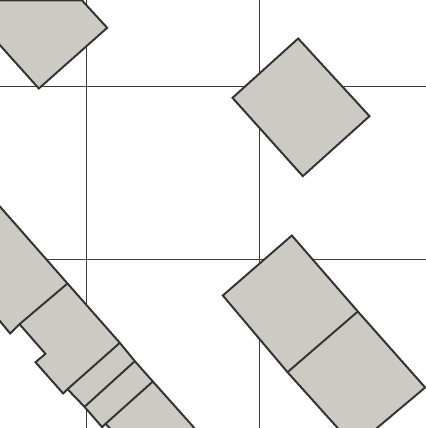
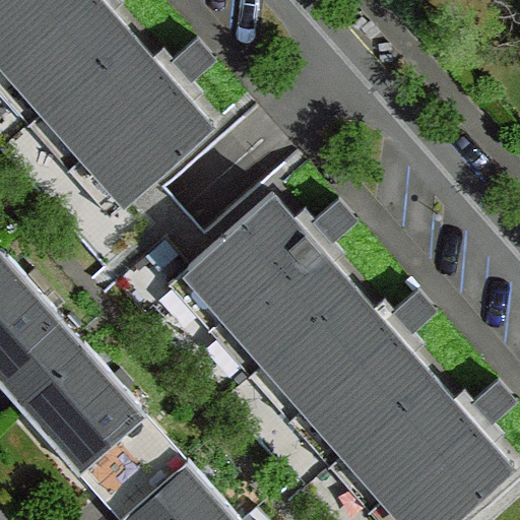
building: none -> [47,38,209,202]
building: [232,38,370,176] -> none
building: none -> [187,198,351,360]

